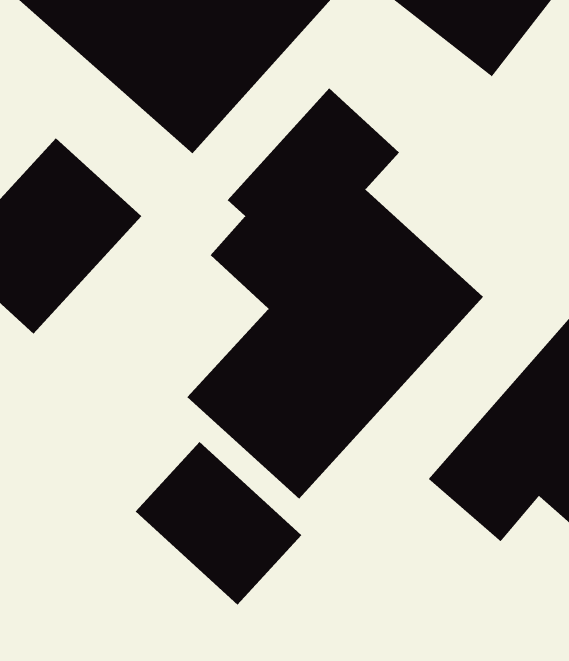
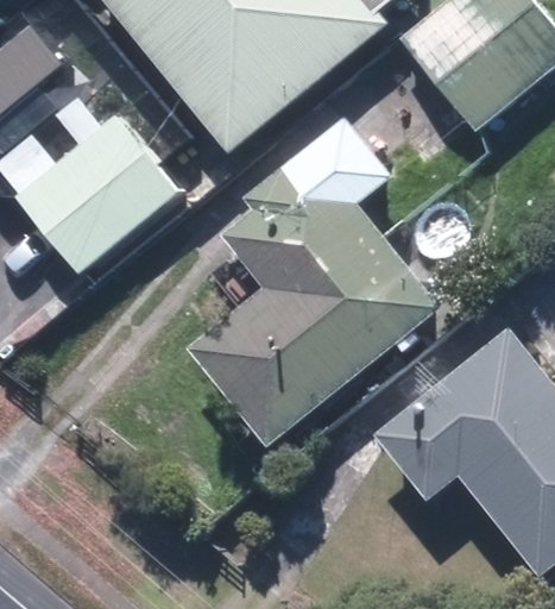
building: [135,441,302,605] -> none

